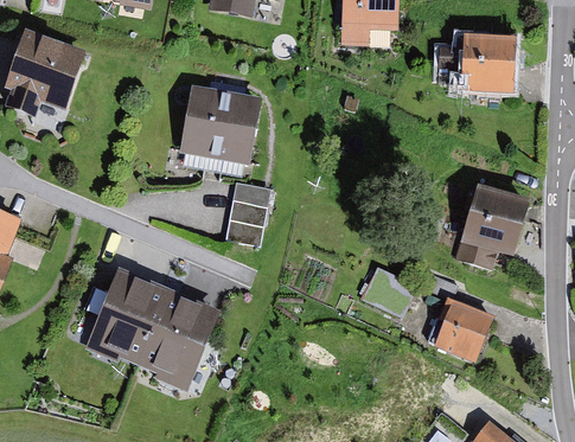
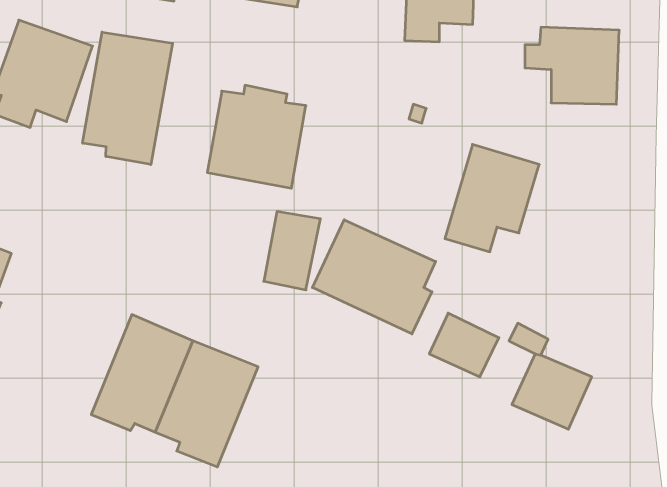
building: none -> [83,32,173,165]
building: [454,182,531,270] -> [445,144,539,252]
building: none -> [312,220,436,334]

